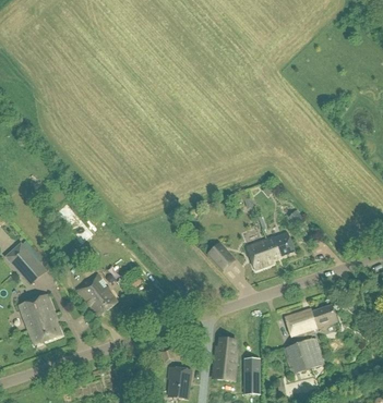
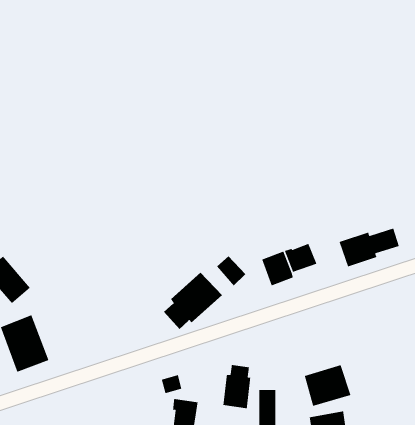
building: none -> [163,272,223,330]
building: [77,272,118,315] -> none
building: [285,304,338,339] -> [339,228,400,268]

